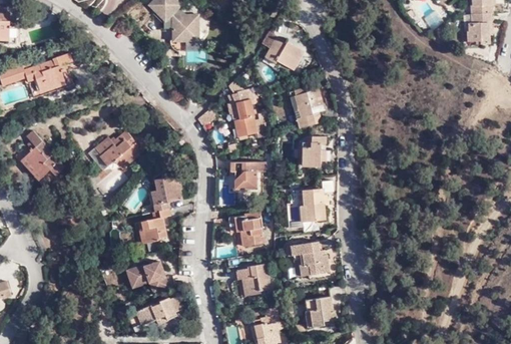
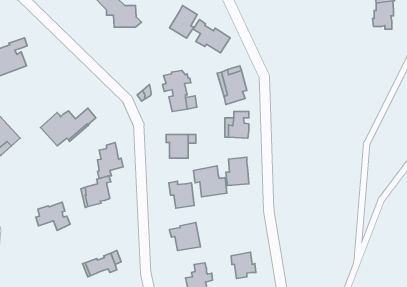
building: none -> [170,5,197,38]
building: [292,241,330,276] -> [194,166,227,197]
building: [129,261,168,293] -> [36,202,70,230]

